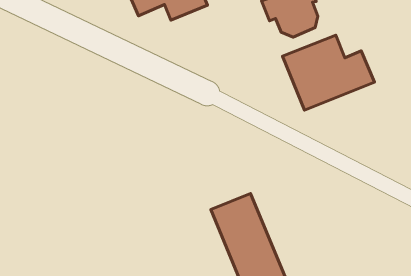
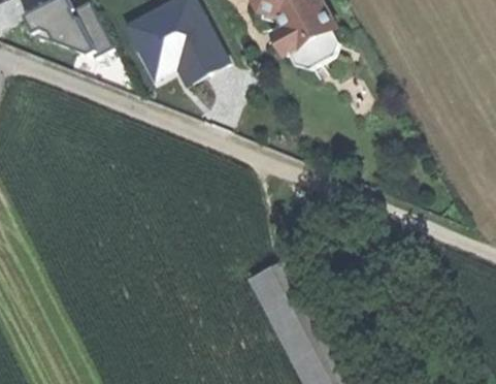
building: [282,35,375,110] -> none

